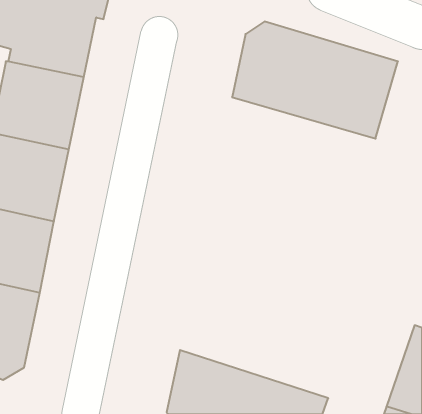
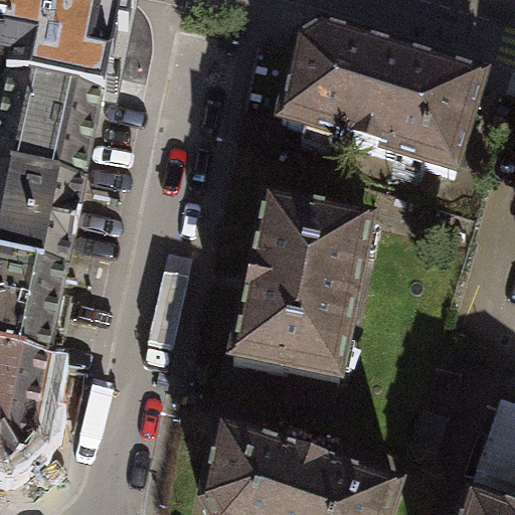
building: none -> [232,195,371,376]

